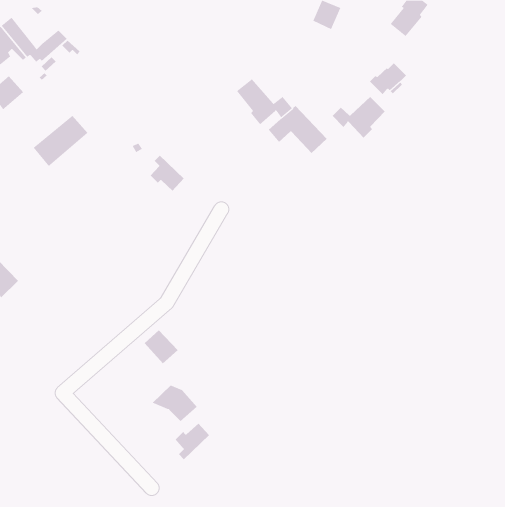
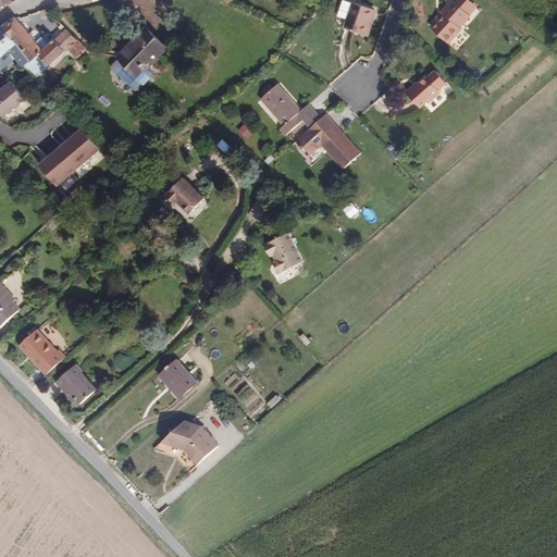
building: none -> [116,32,166,82]
building: [332,96,386,138] -> none
building: none -> [263,232,302,273]
building: none -> [16,322,67,372]
building: none -> [57,363,95,400]
building: [175,423,210,460] -> none

